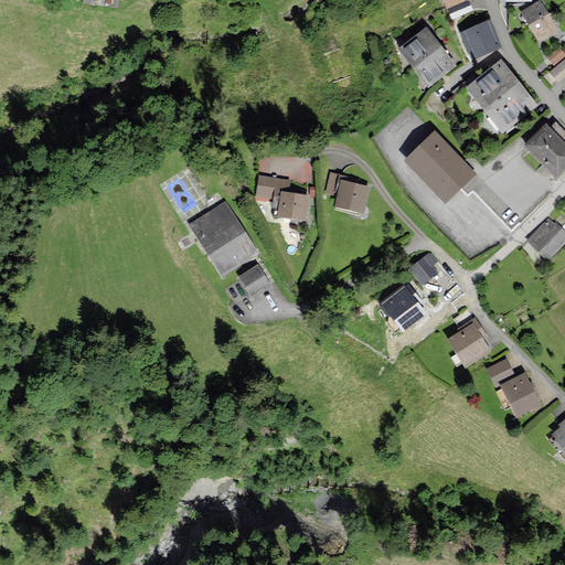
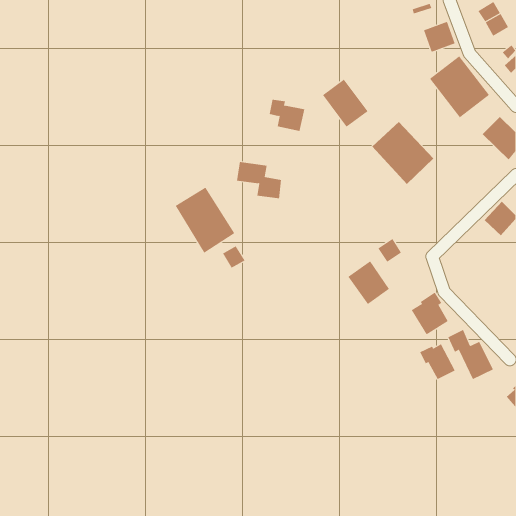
building: [403,30,454,83] -> [322,79,368,127]
building: [329,175,369,211] -> [269,99,305,131]
building: none -> [420,344,456,380]

